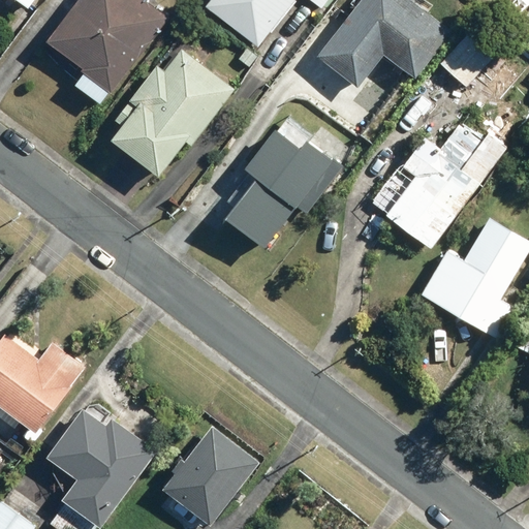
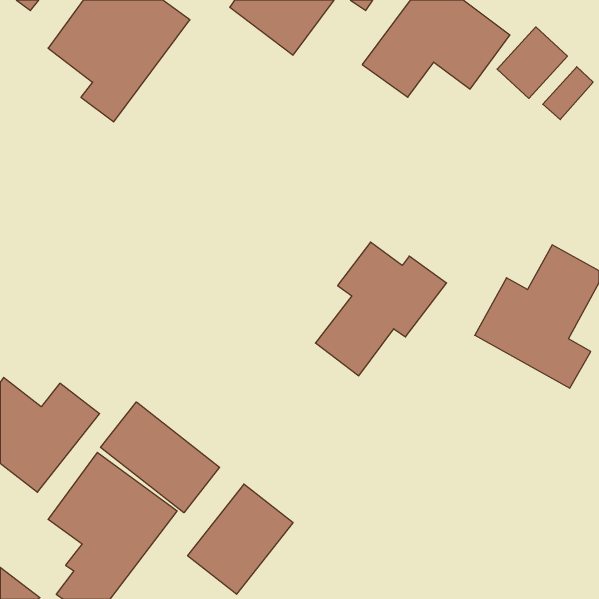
building: [108,44,234,179] -> none
building: [369,120,506,249] -> none
building: [225,131,341,249] -> [315,242,447,376]
building: none -> [101,402,220,513]

